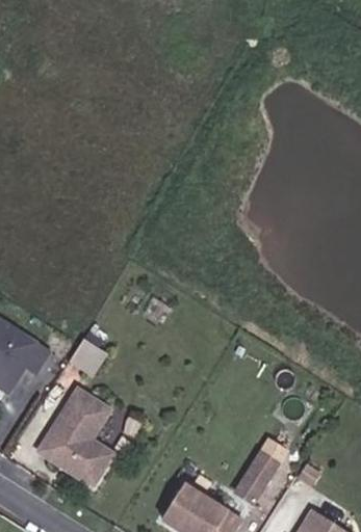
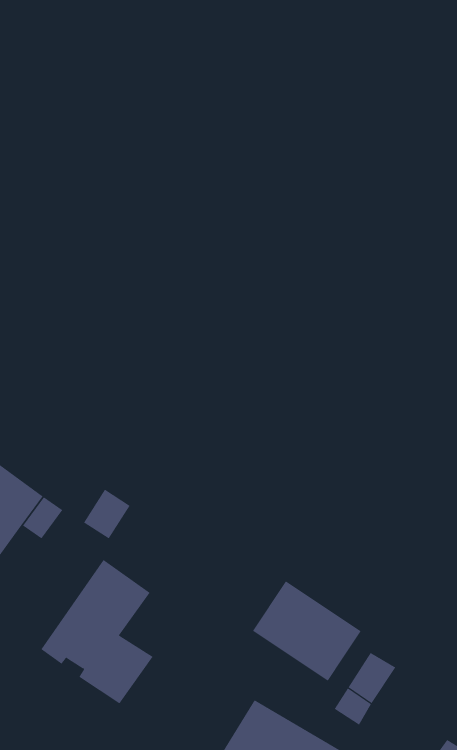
building: none -> [252,581,362,682]

